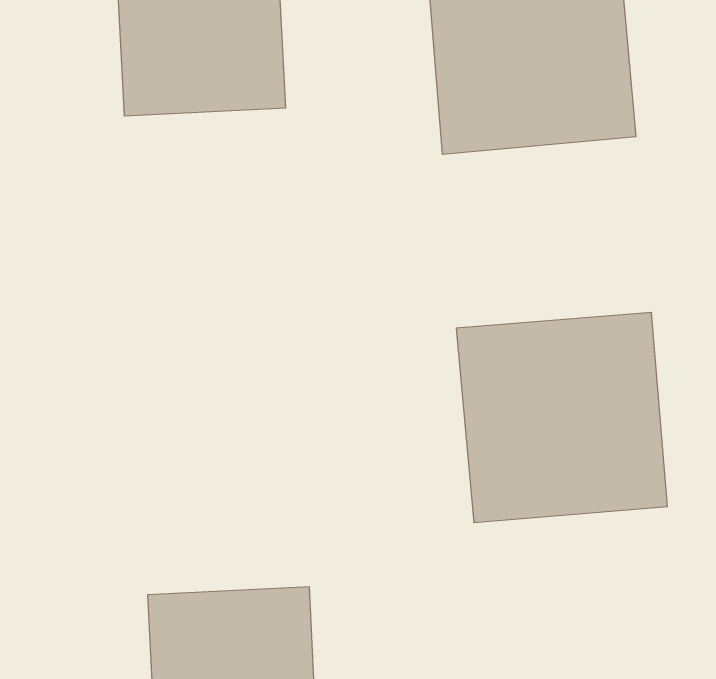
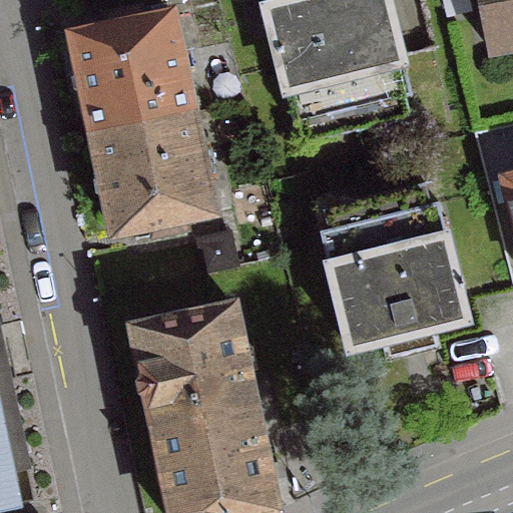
building: none -> [90,110,210,234]
building: none -> [131,304,251,425]

